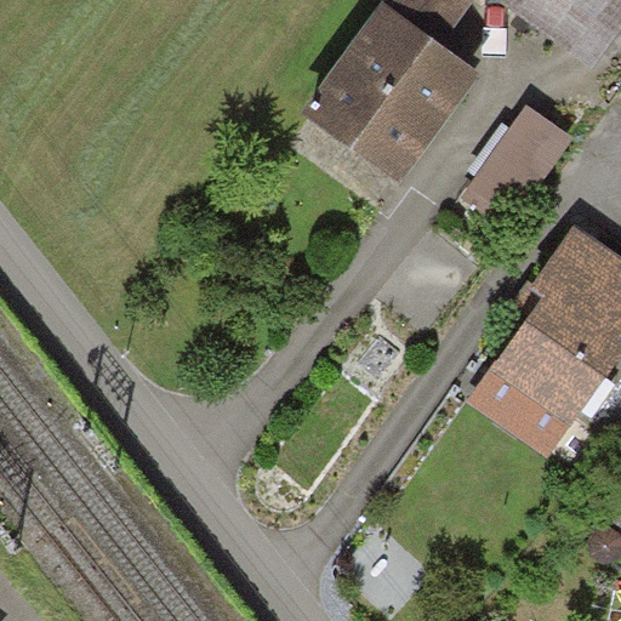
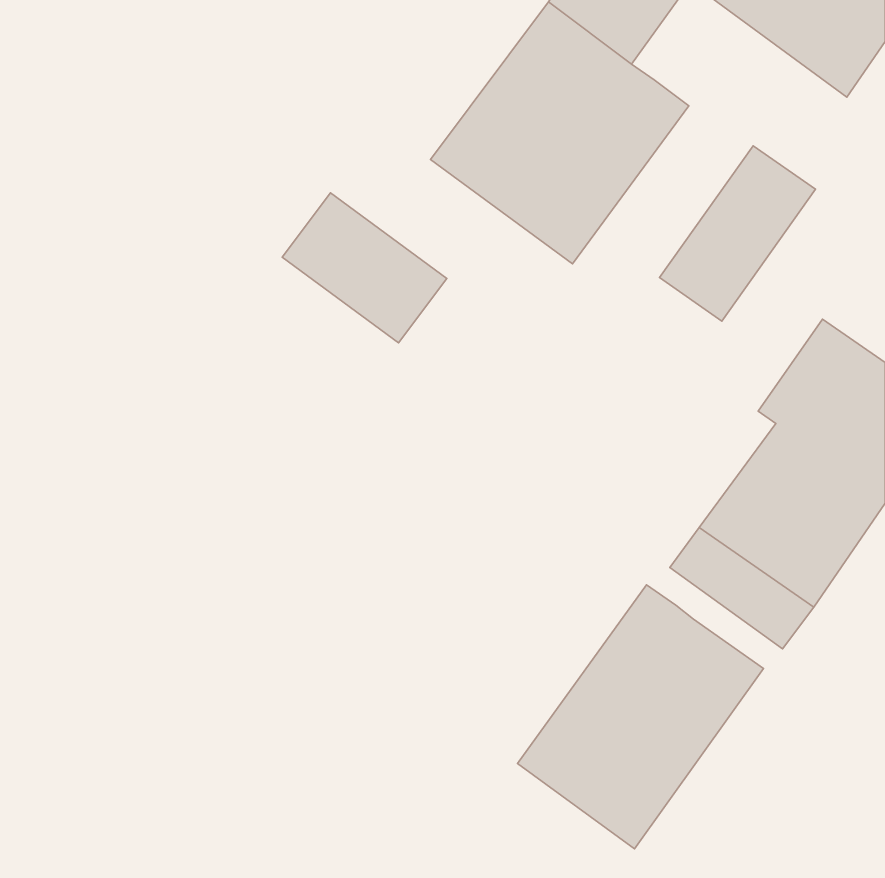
building: none -> [282,193,447,343]
building: none -> [517,585,764,849]

